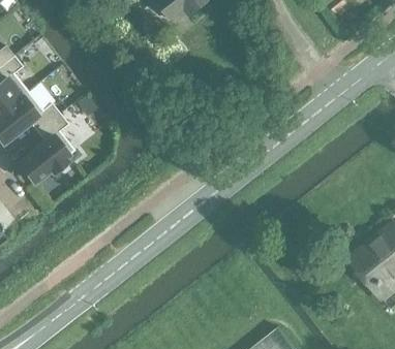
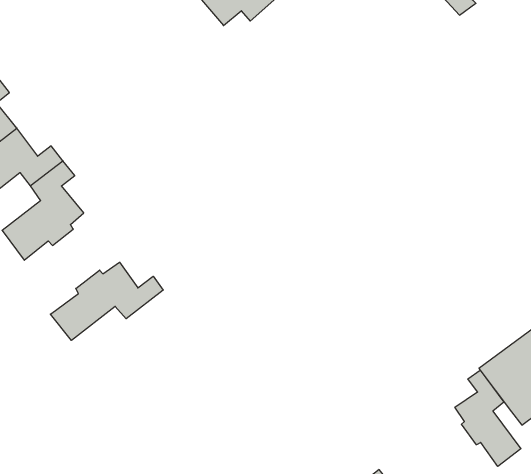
building: none -> [50,262,163,340]
building: none -> [455,370,521,466]

